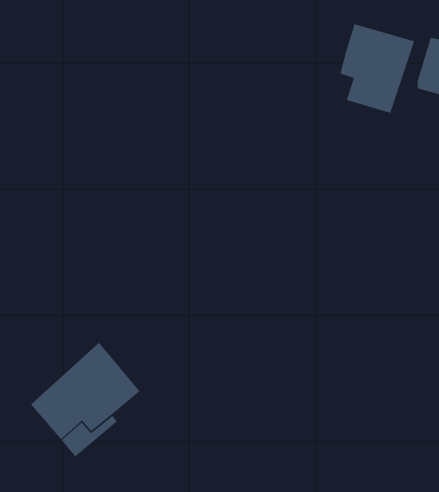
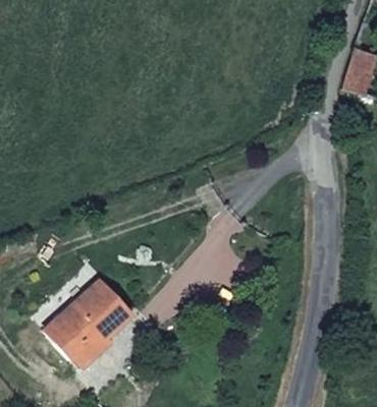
building: [339,23,415,114] -> none

